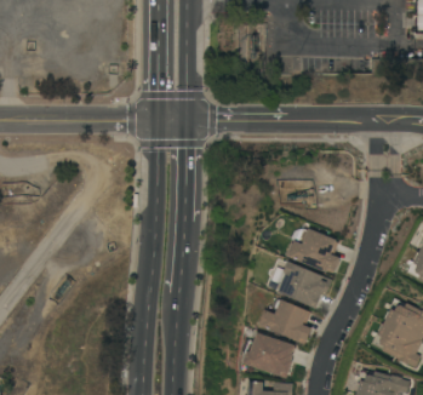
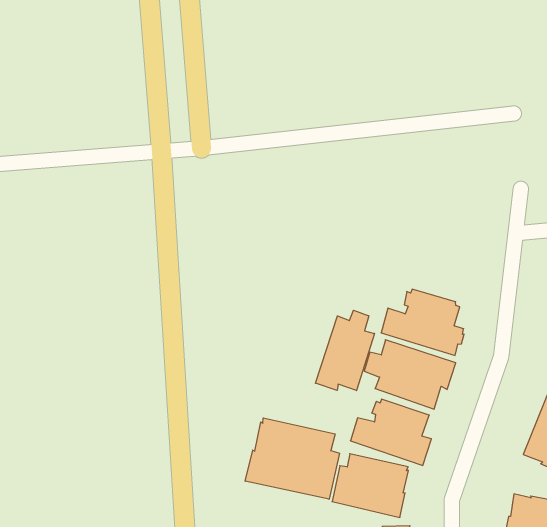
building: none -> [315,310,374,391]
building: none -> [245,418,340,499]

